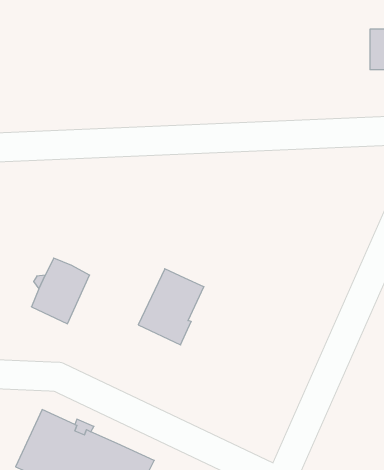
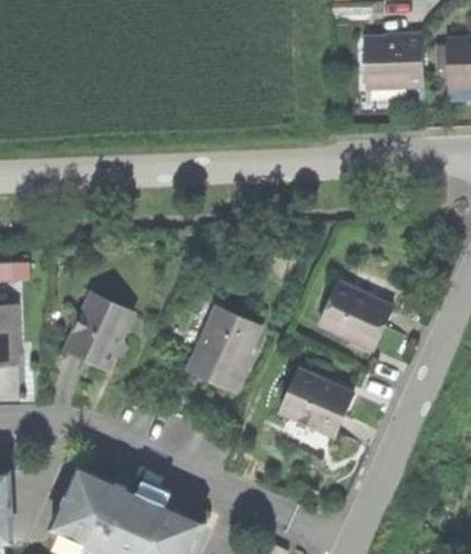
building: none -> [362,40,420,85]
building: none -> [313,281,393,351]
building: none -> [280,371,352,438]

